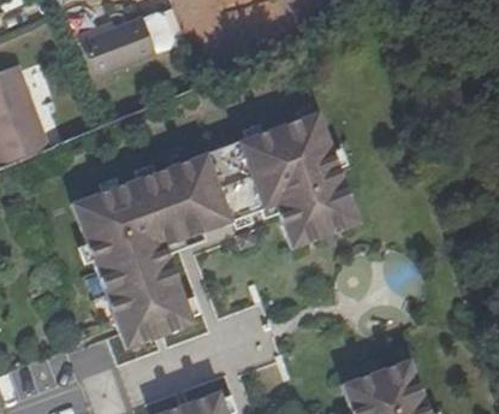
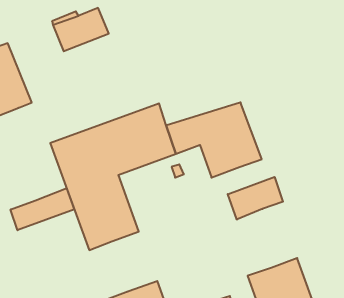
building: [224,112,334,178] -> none
building: none -> [228,177,283,220]
building: none -> [11,188,74,230]

